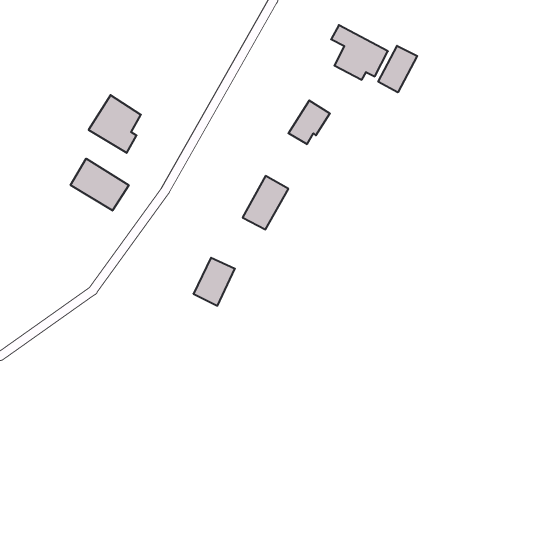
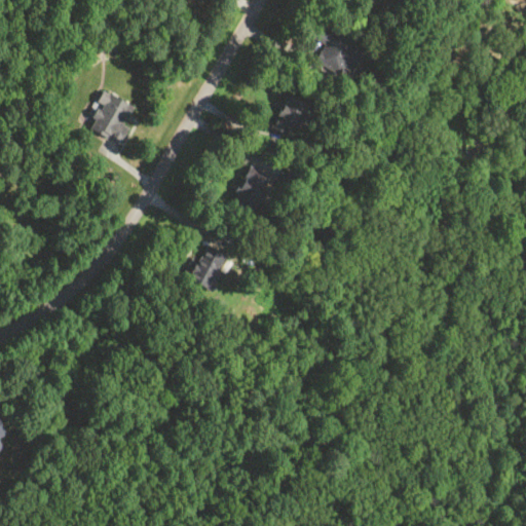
building: [378,46,417,92] -> none
building: [71,159,129,211] -> none

